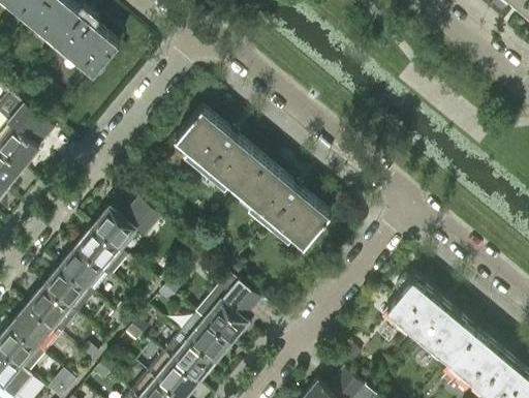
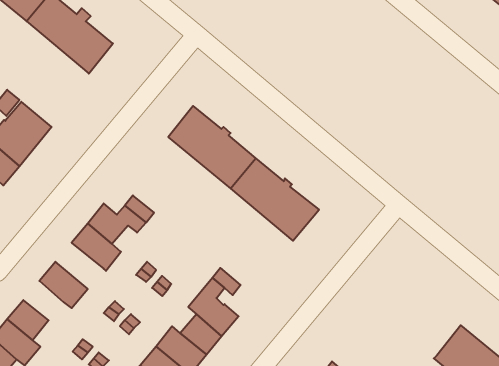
building: [59,250,108,298] -> none
building: [386,280,475,366] -> none
building: [26,289,67,330] -> none

